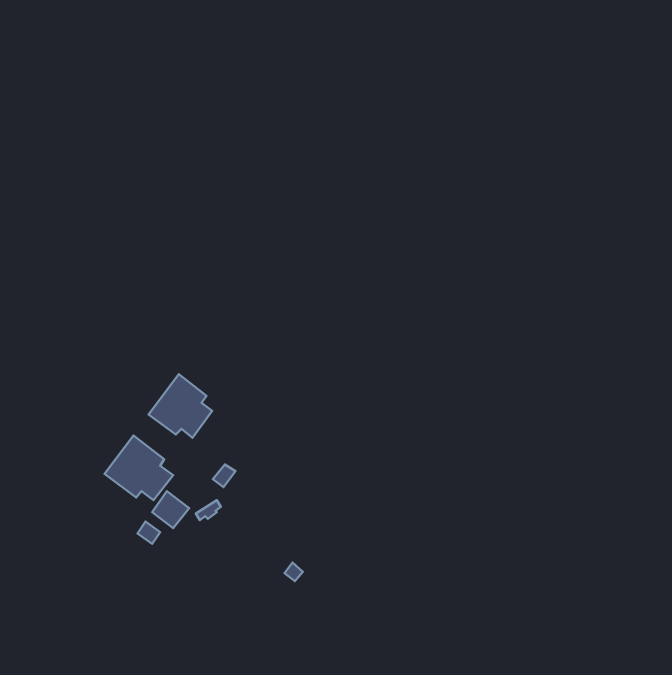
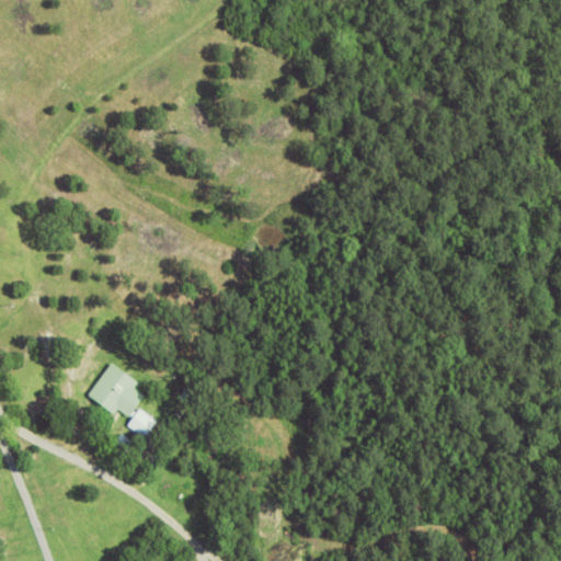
building: [148,374,212,438] -> none

